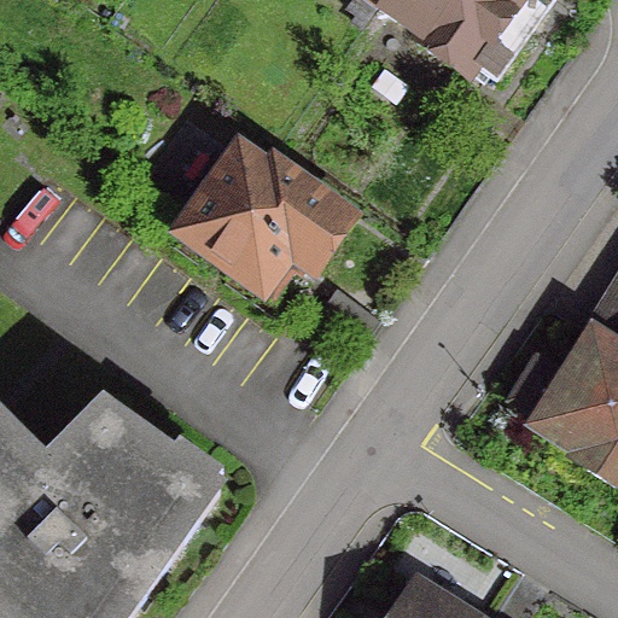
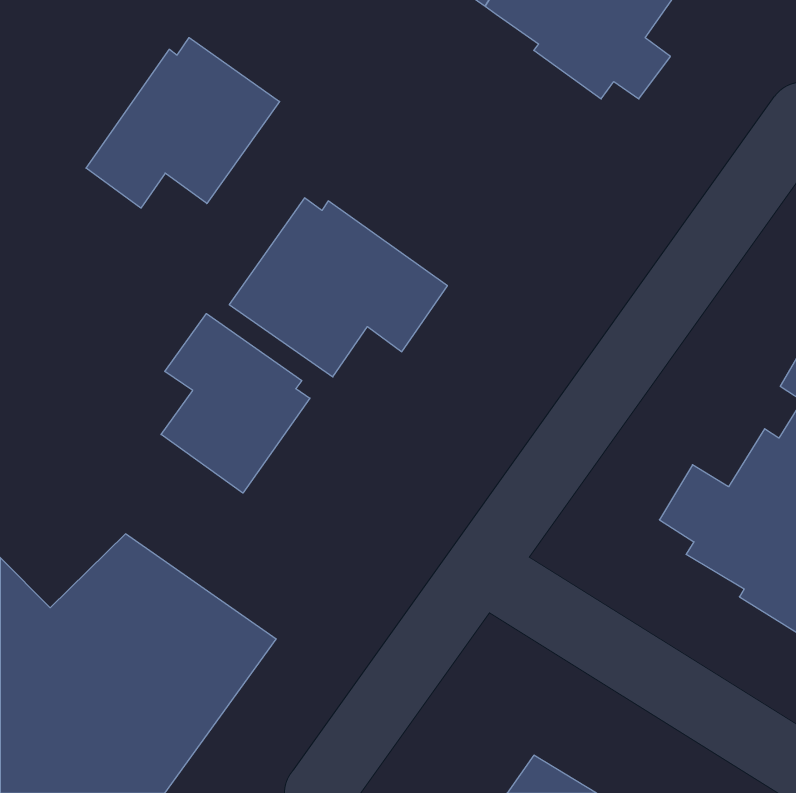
building: none -> [86,38,280,208]
building: none -> [161,314,310,493]

